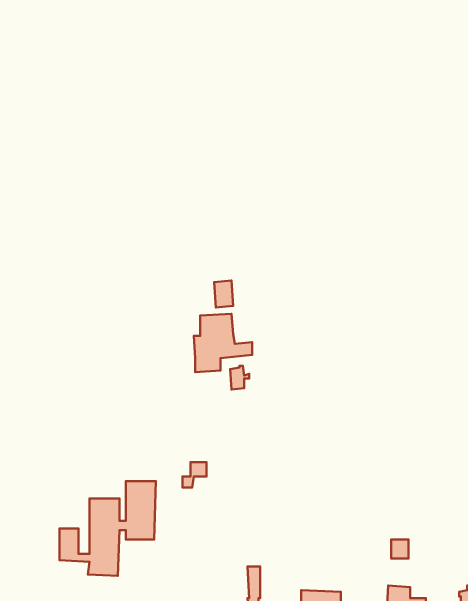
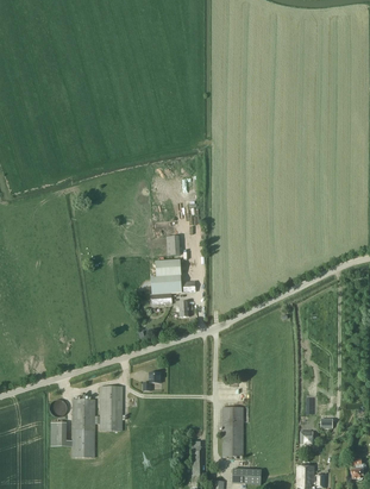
building: none -> [222,406,244,458]

